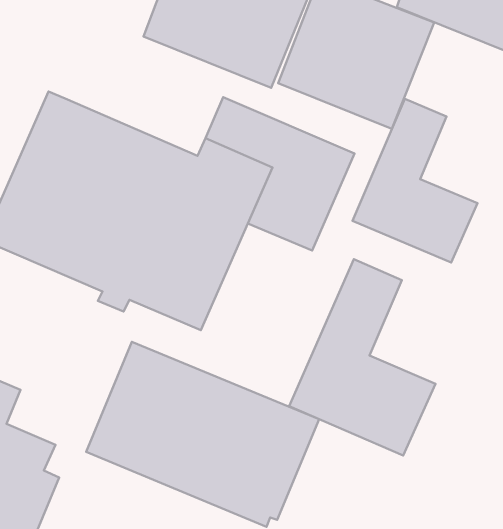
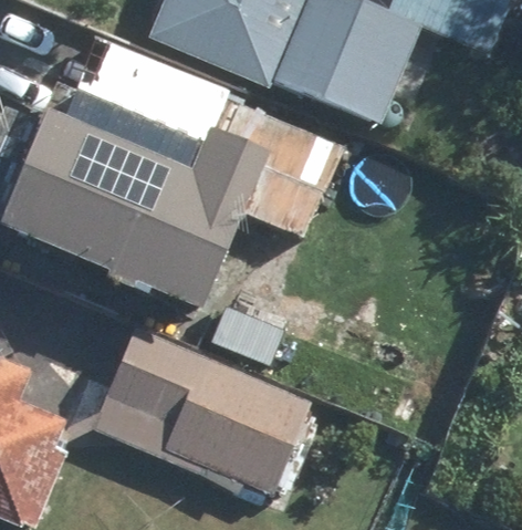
building: none -> [71,39,220,148]
building: [353,99,477,262] -> none
building: [289,259,435,455] -> none

